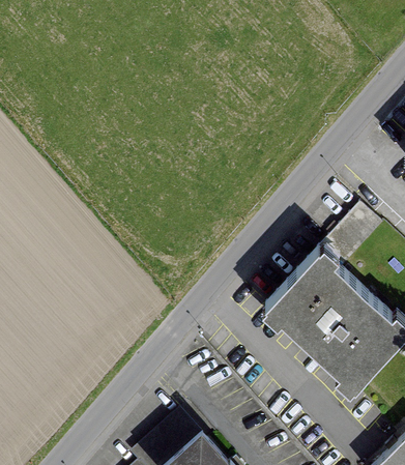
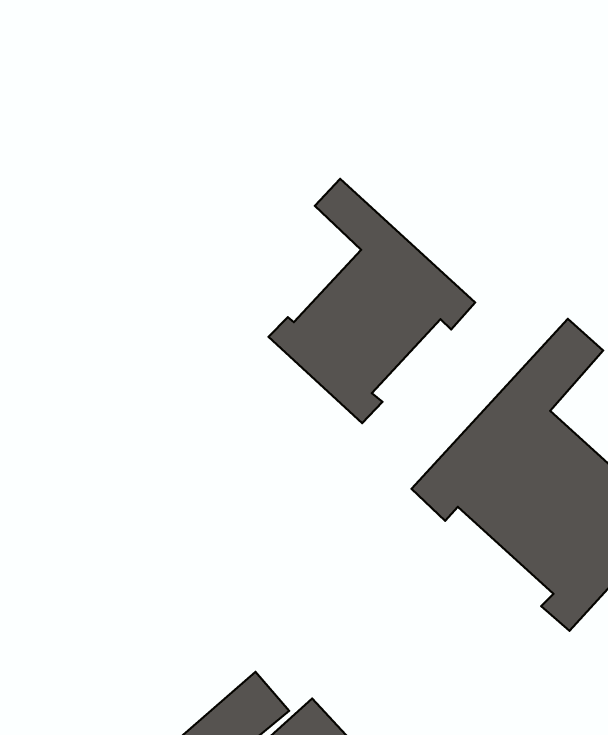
building: none -> [269,179,475,423]

